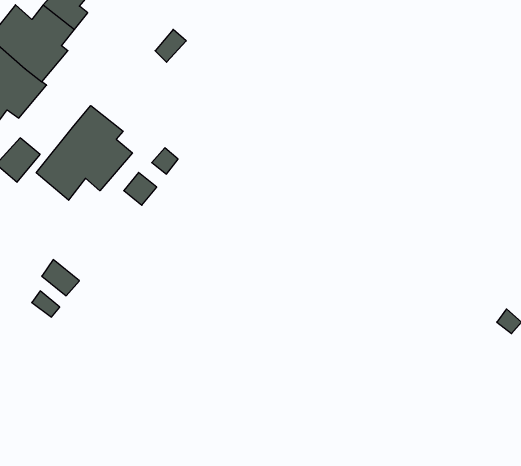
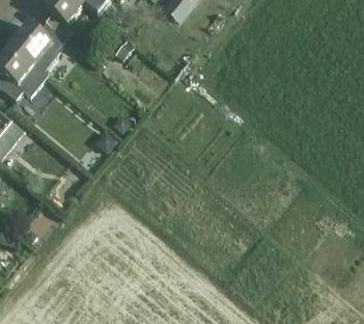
building: [36,106,132,200] -> none

